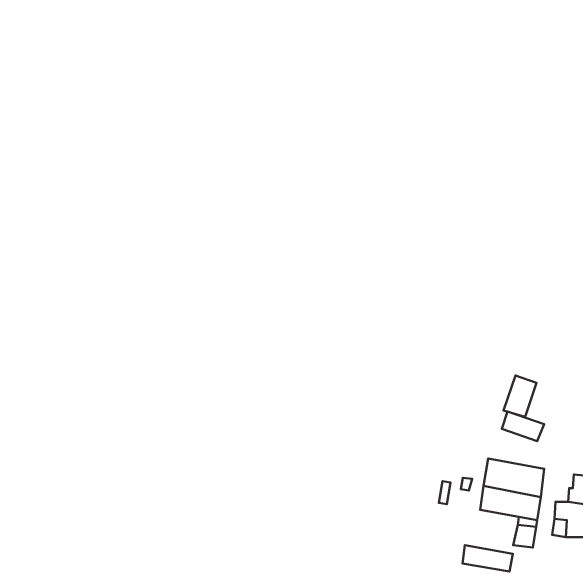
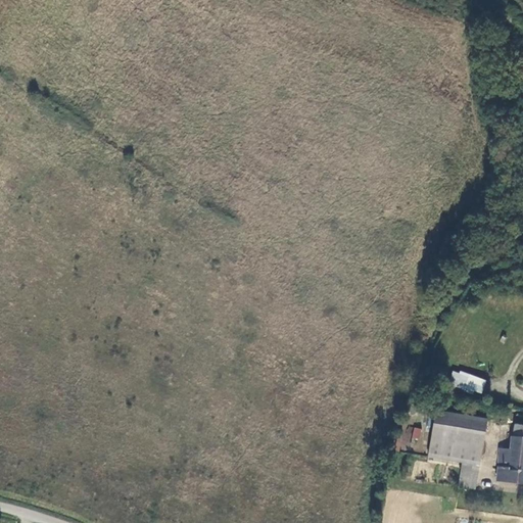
building: [504,375,536,417] -> none
building: [463,545,513,572] -> none

